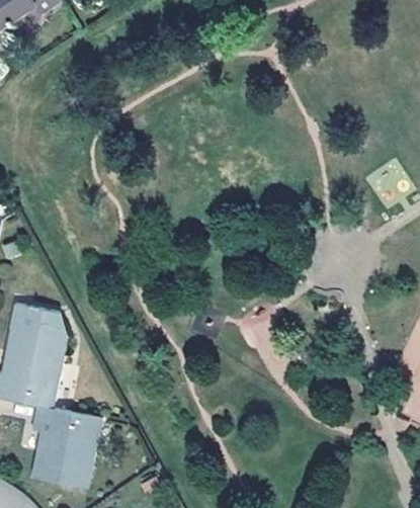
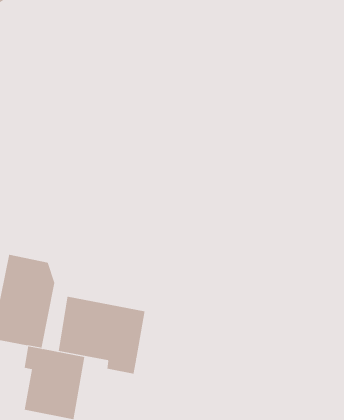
building: none -> [58,296,145,375]

